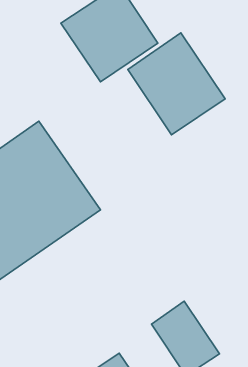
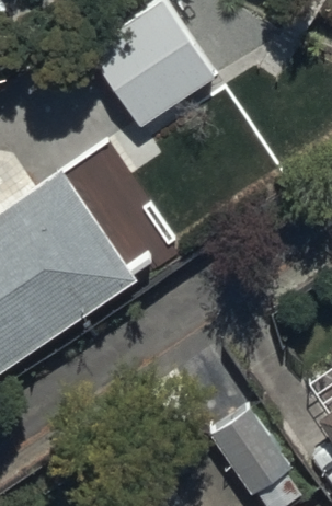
building: [128,33,225,135] -> none

